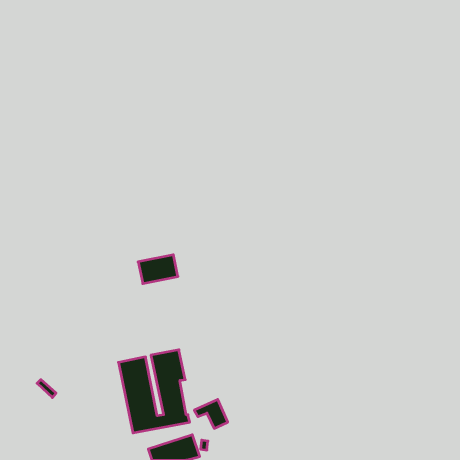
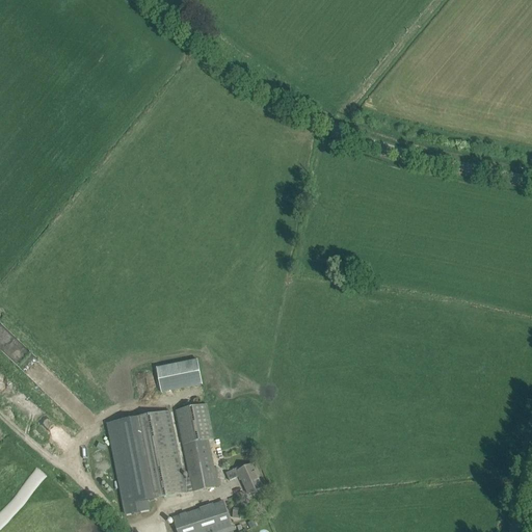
building: [138,255,178,284] -> [155,358,201,392]
building: none -> [106,417,153,513]

